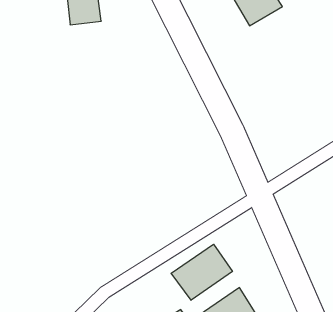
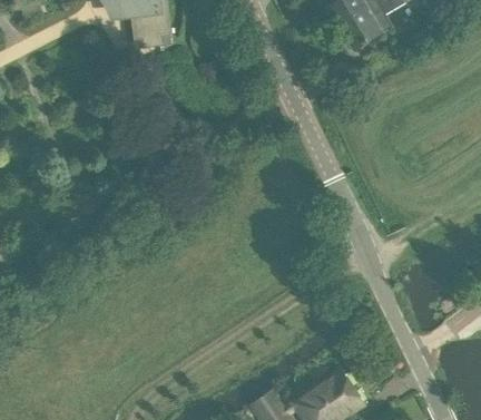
building: [171,244,232,300] -> none

